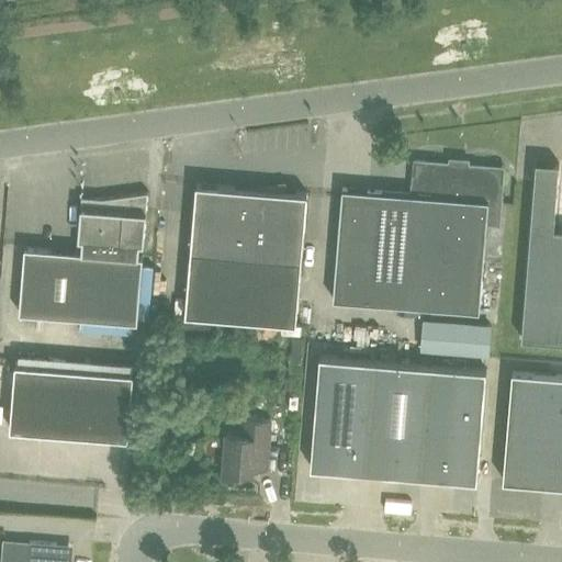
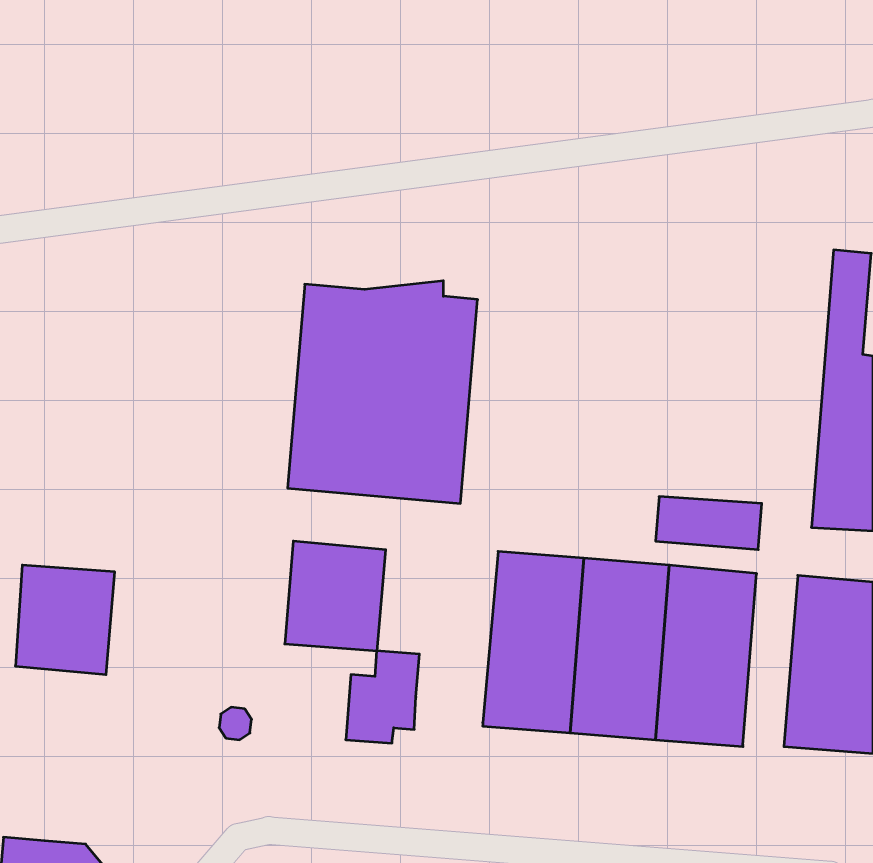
building: [331,168,502,317] -> none
building: [19,199,147,329] -> none
building: [68,374,133,445] -> [285,541,386,651]

